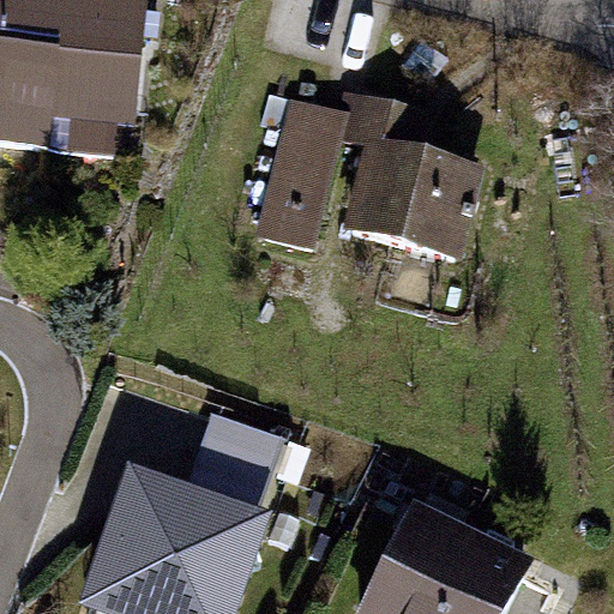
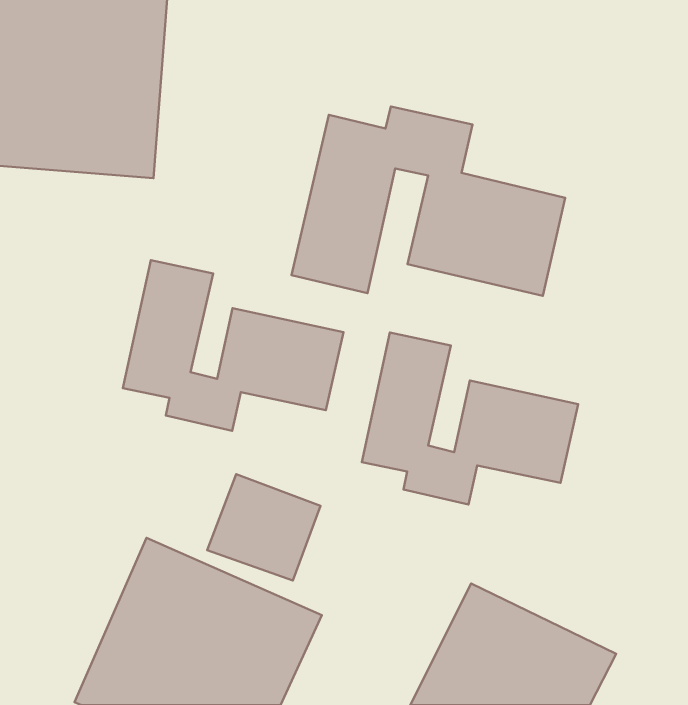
building: none -> [123,260,343,431]
building: none -> [362,333,578,504]

